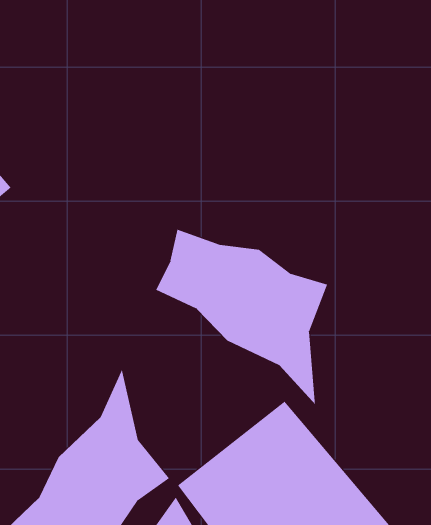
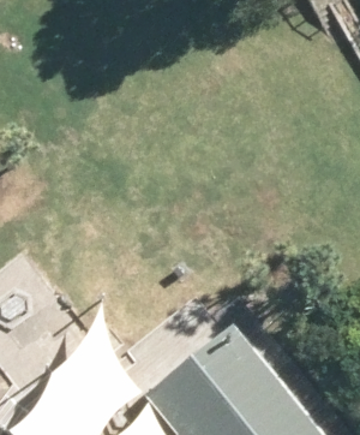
building: [155,229,328,406] -> none

